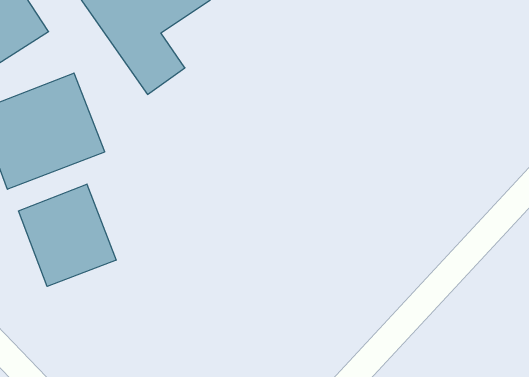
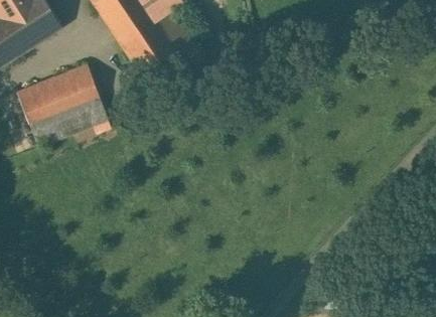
building: [19,184,116,286] -> none

